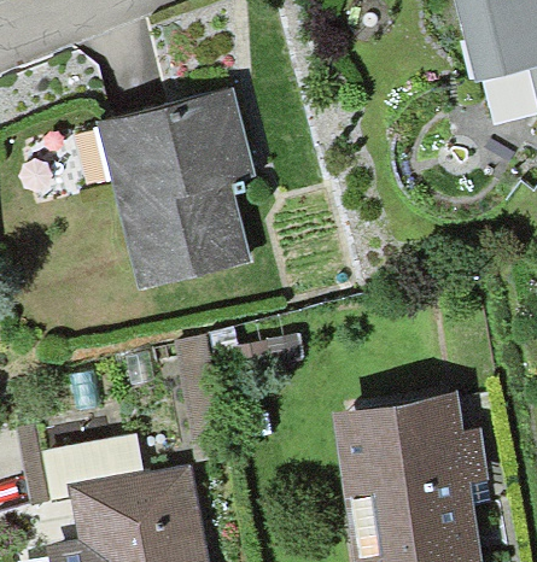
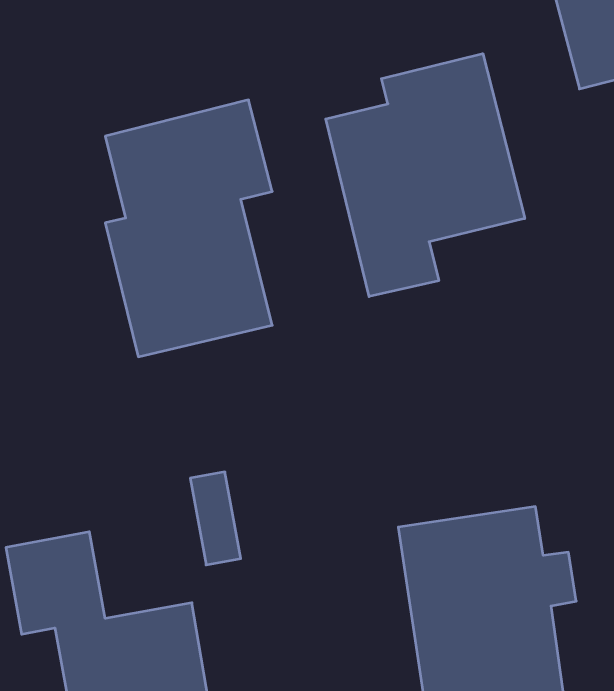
building: none -> [326,54,525,297]

